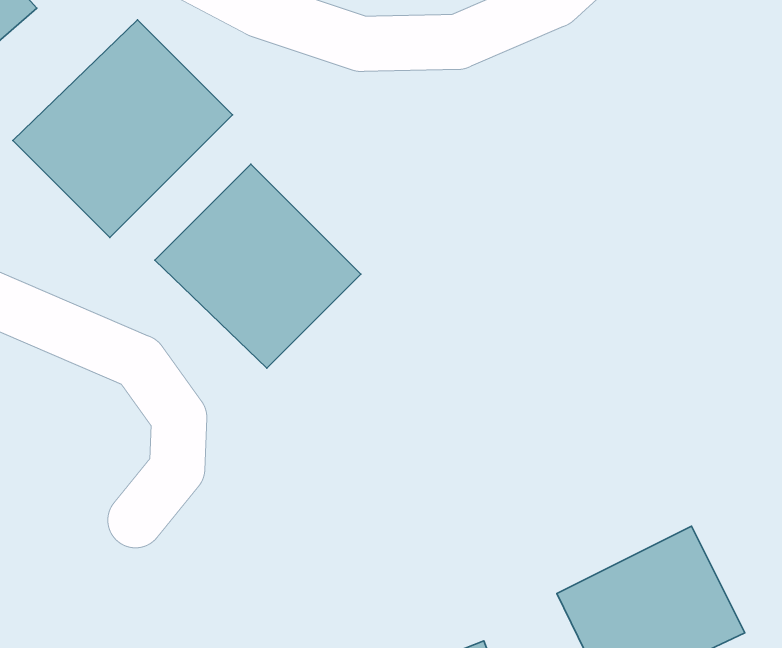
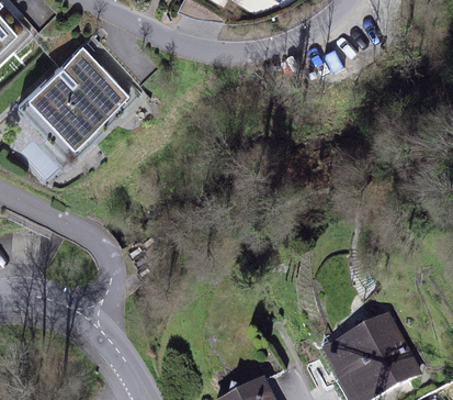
building: [155,164,361,368] -> none

